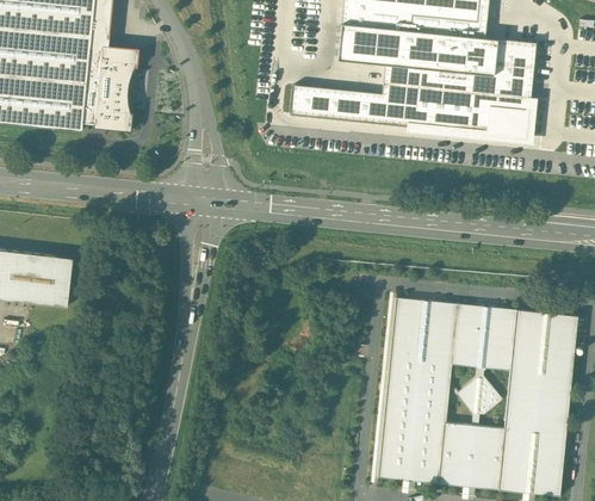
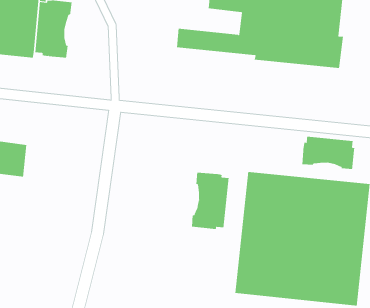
building: none -> [302,136,355,170]
building: none -> [191,172,229,230]

